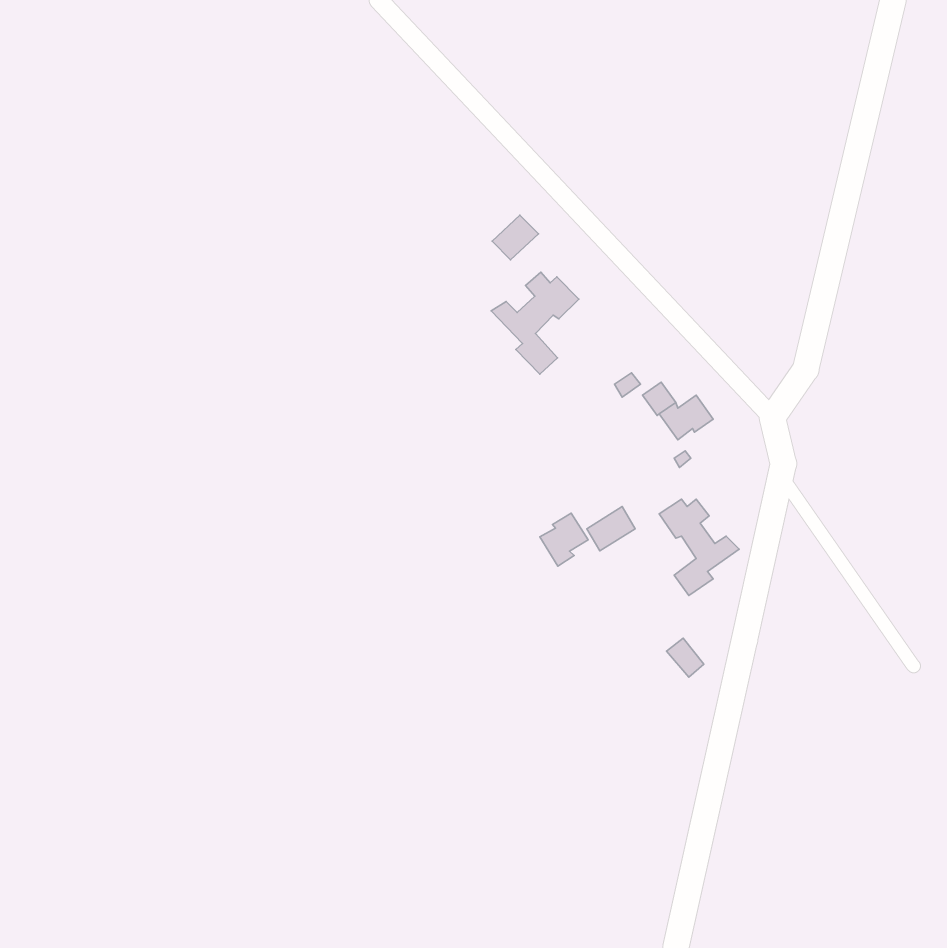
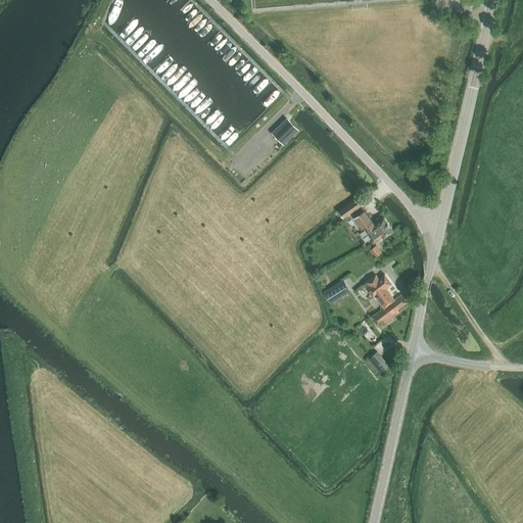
building: [491,272,579,374] -> none
building: [540,513,588,566] -> none

